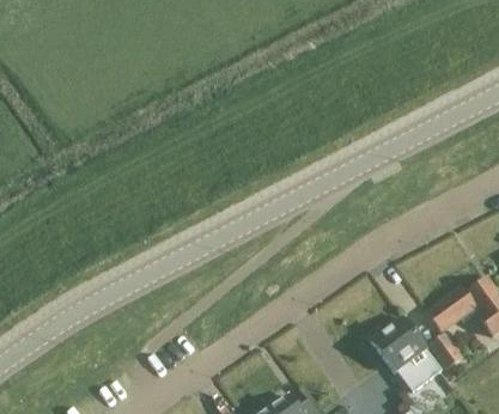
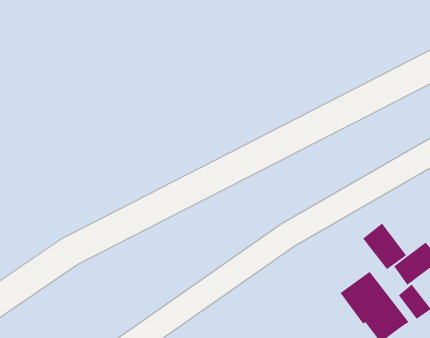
building: none -> [362,222,407,270]

